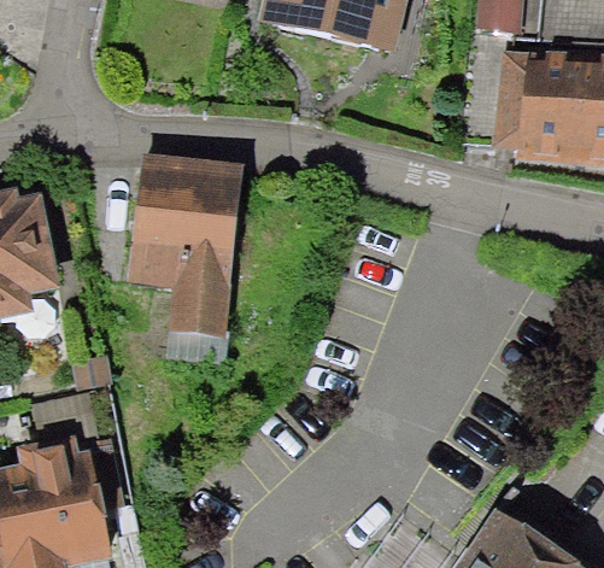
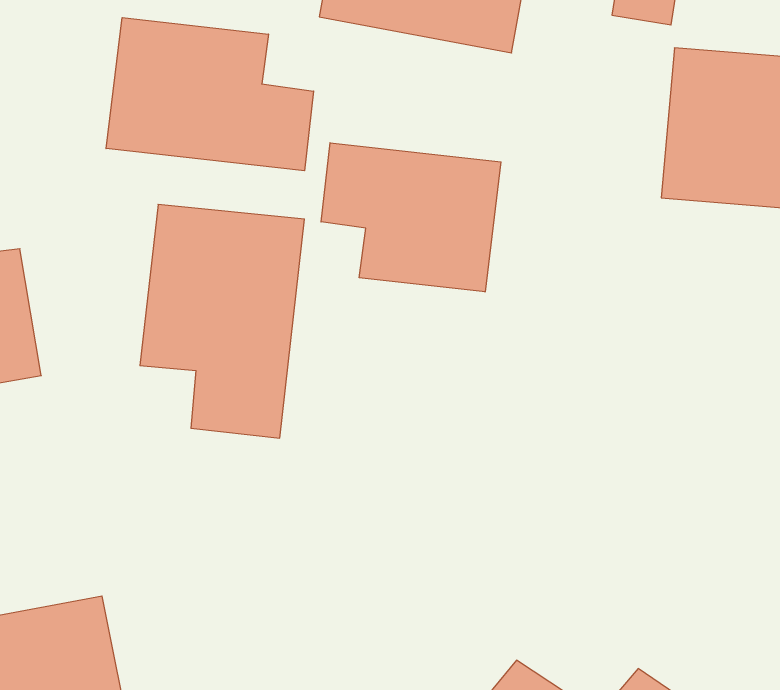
building: none -> [106,18,314,171]
building: none -> [321,143,501,292]

